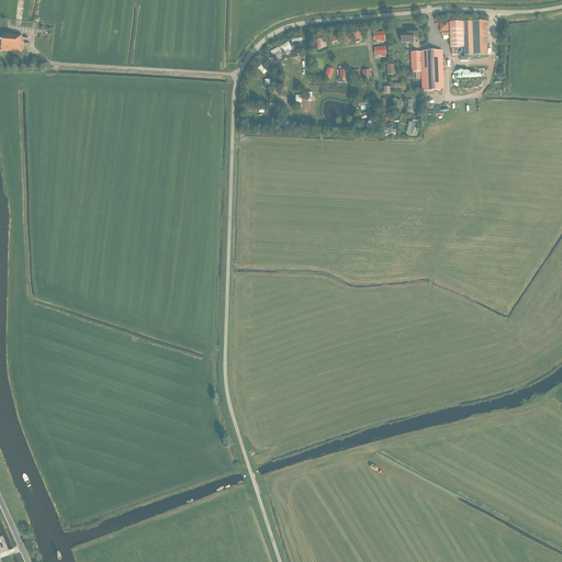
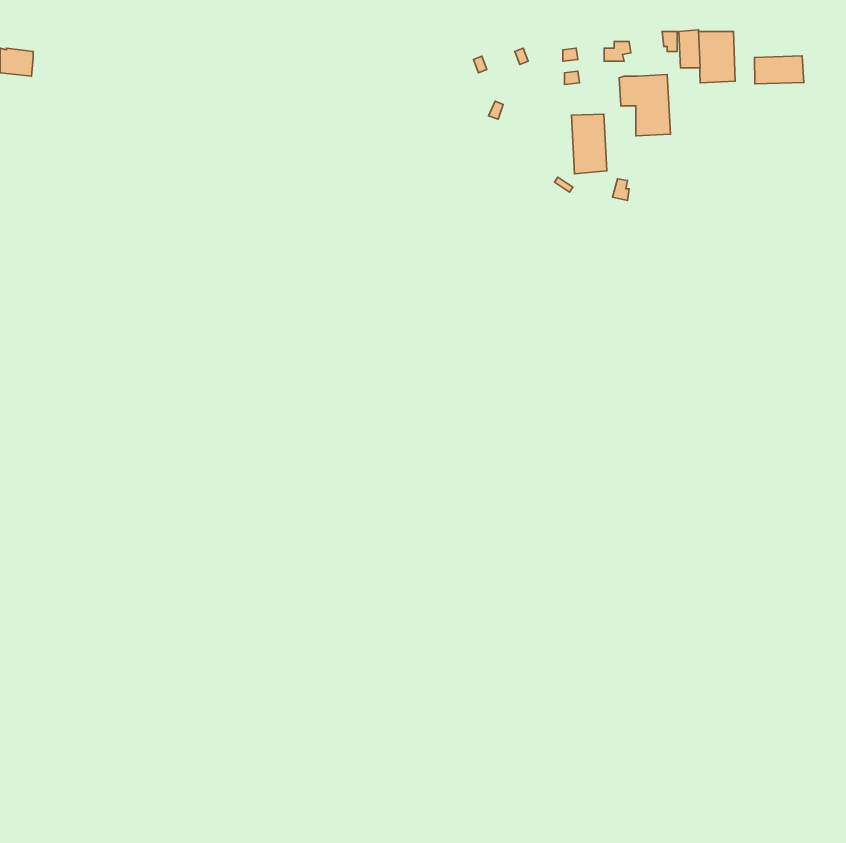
building: none -> [755,56,804,84]
building: none -> [571,114,607,174]

